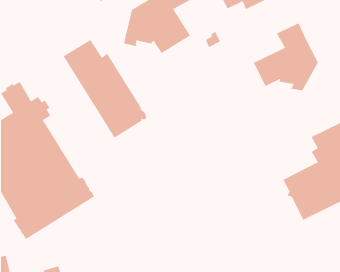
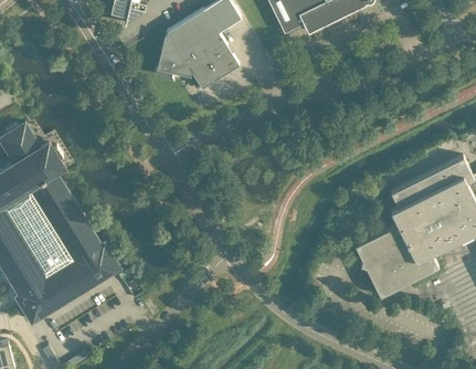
building: [253,22,318,91] -> none
building: [63,39,146,138] -> none

